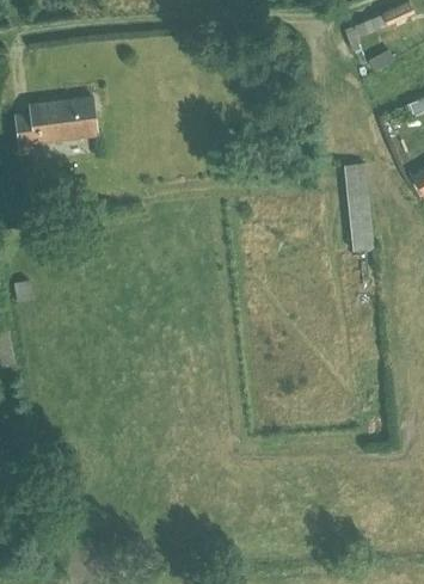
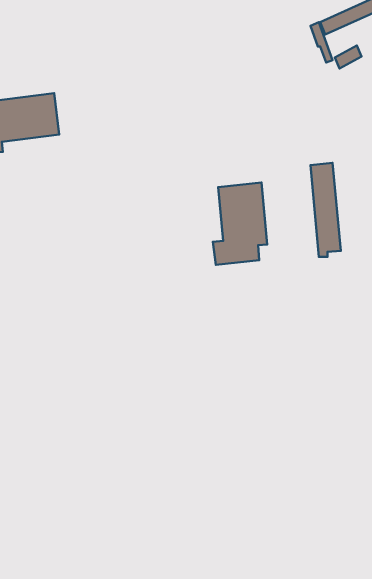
building: none -> [213,183,267,265]

